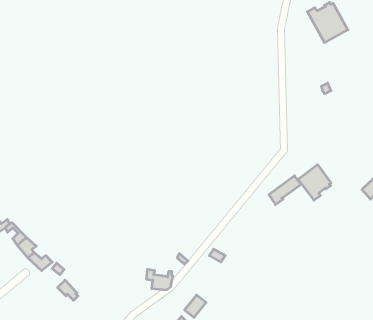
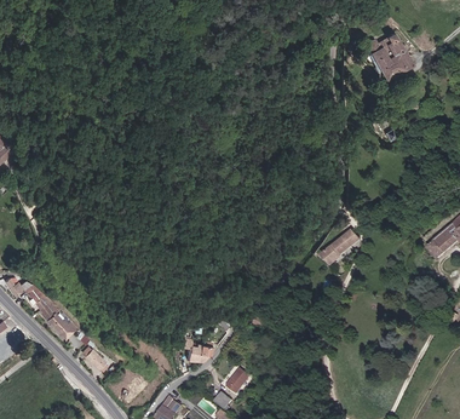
building: [298,165,331,200] -> none

